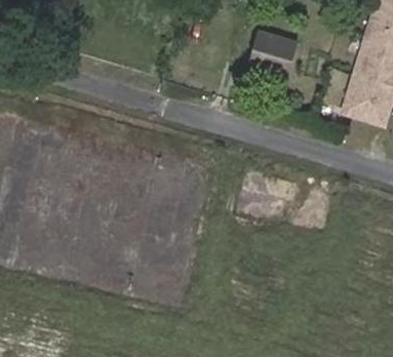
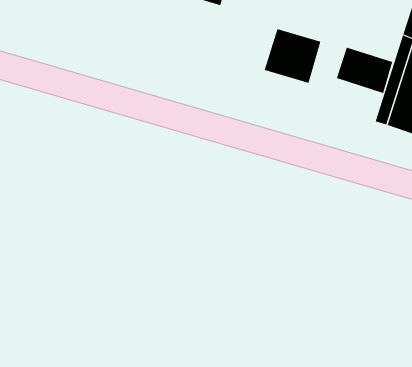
building: none -> [336,47,393,94]

